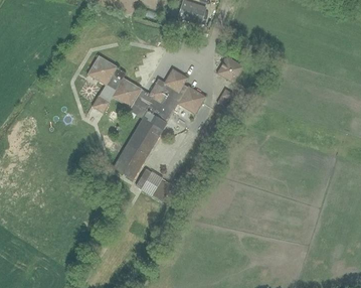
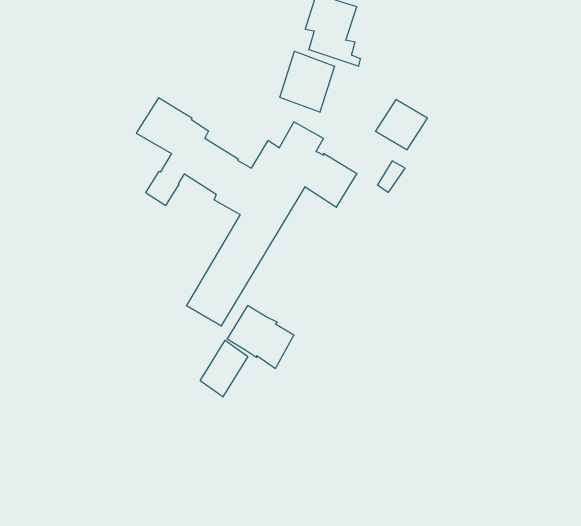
building: none -> [280,51,335,112]
building: none -> [200,340,248,397]

